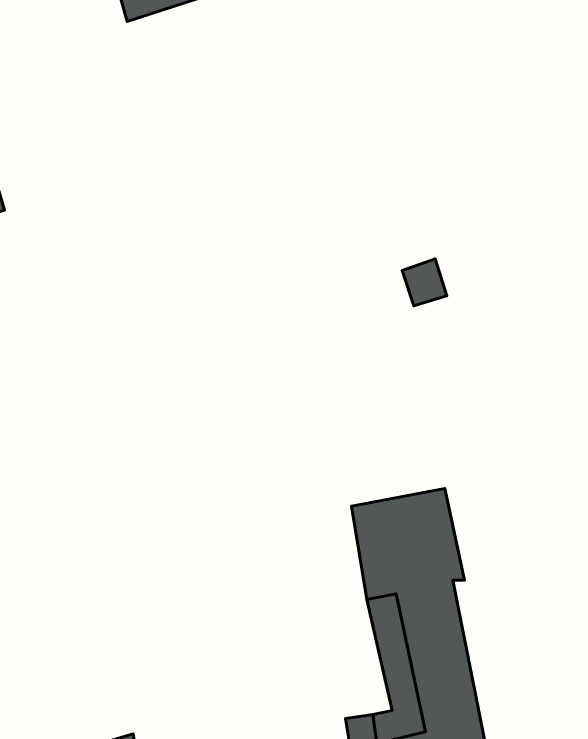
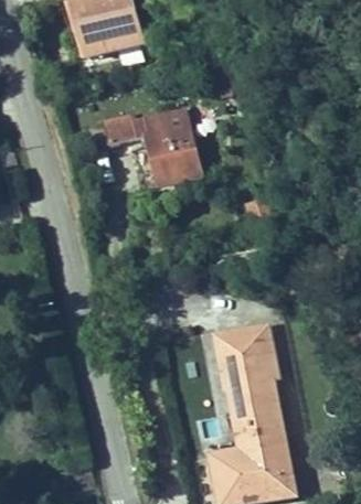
building: none -> [135,108,201,186]

